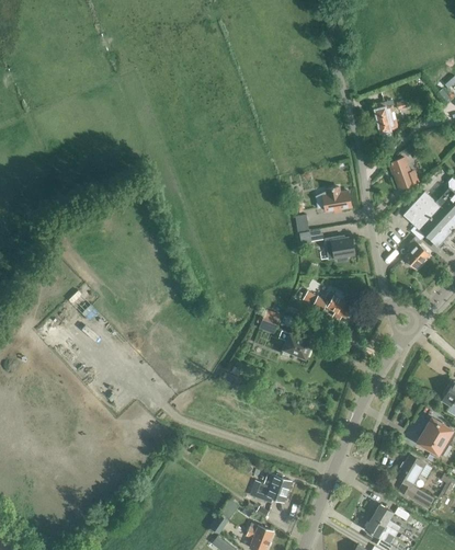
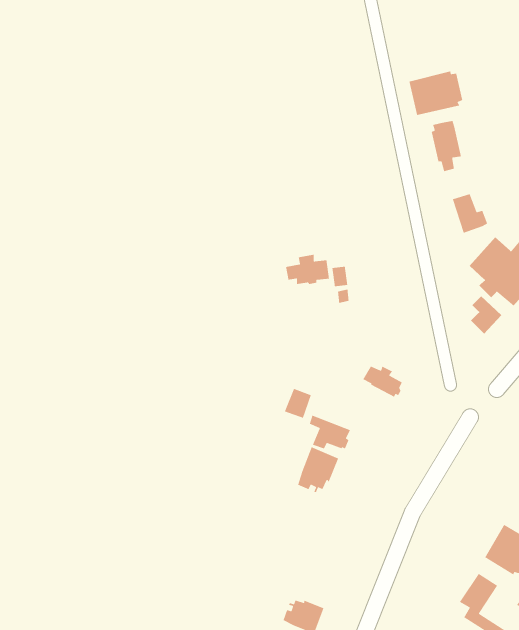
building: none -> [408,70,463,116]
building: [316,186,351,210] -> [285,254,330,285]
building: [326,236,355,261] -> none
building: none -> [297,446,339,493]

